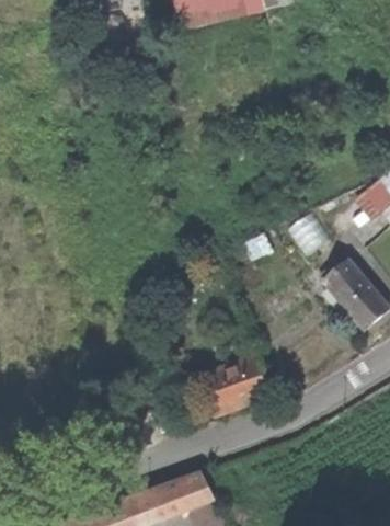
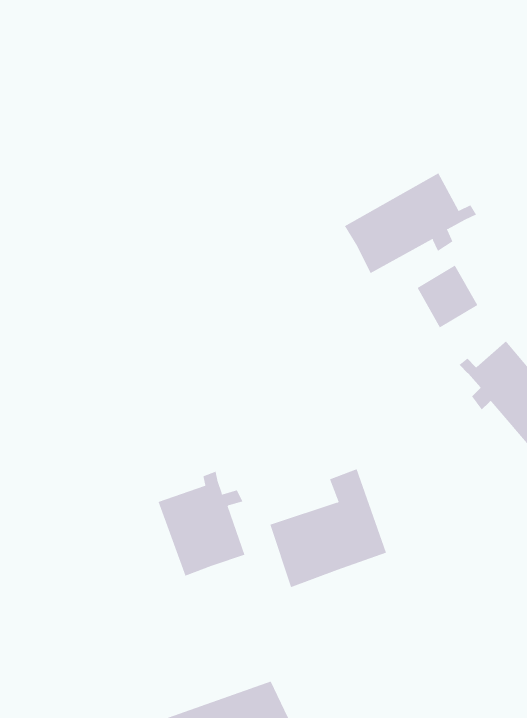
building: none -> [344,173,477,274]
building: none -> [158,471,245,577]

